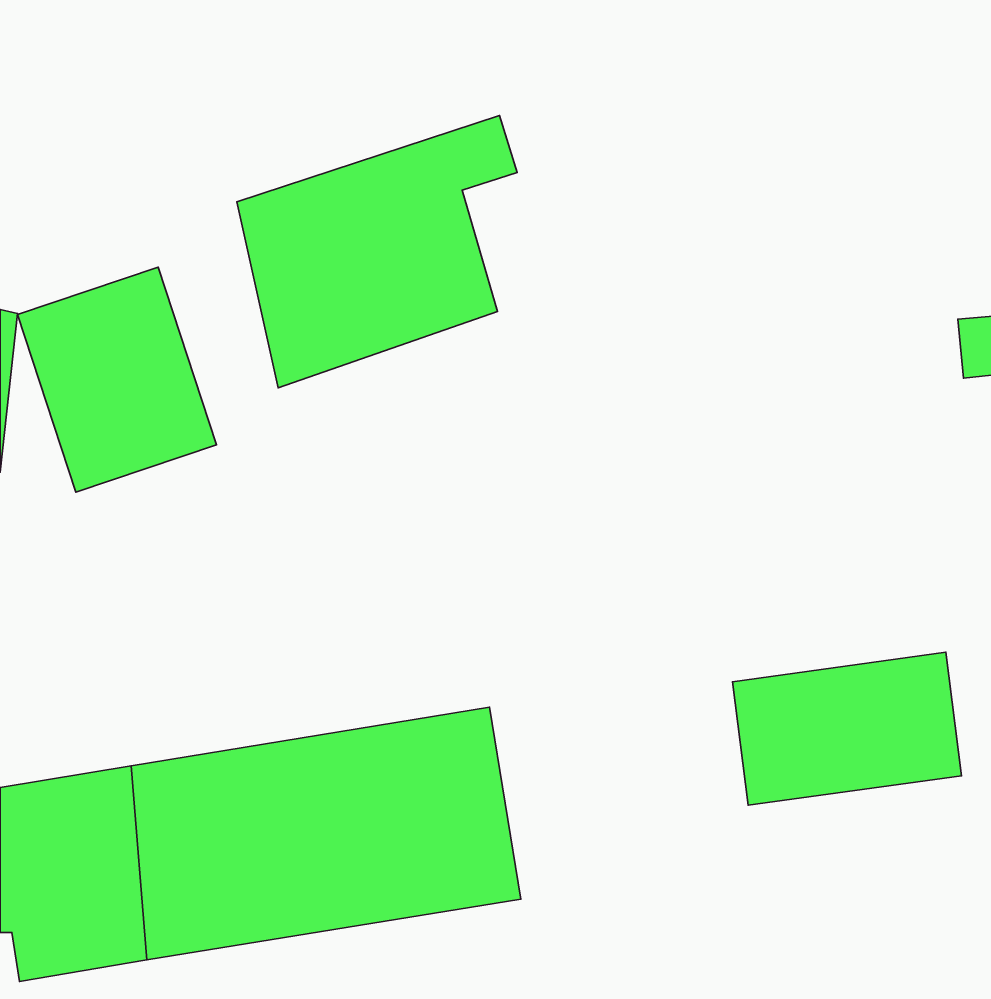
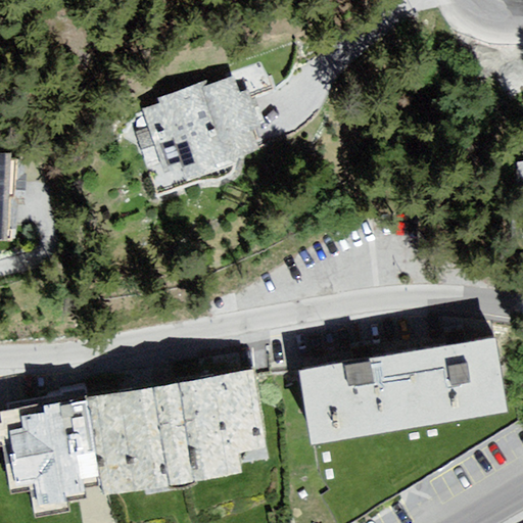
building: [18,267,216,492] -> none
building: none -> [286,355,395,434]

